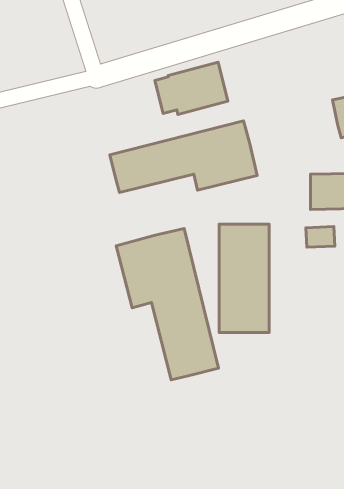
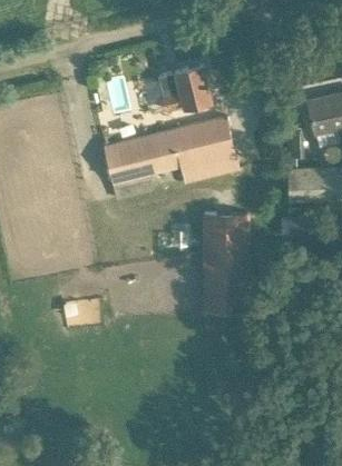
building: [116,228,218,380] -> none

